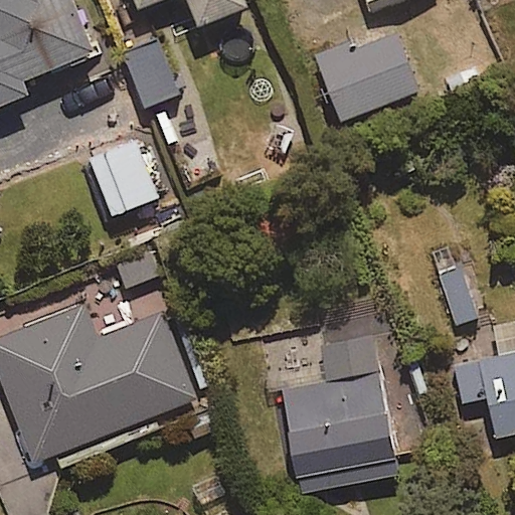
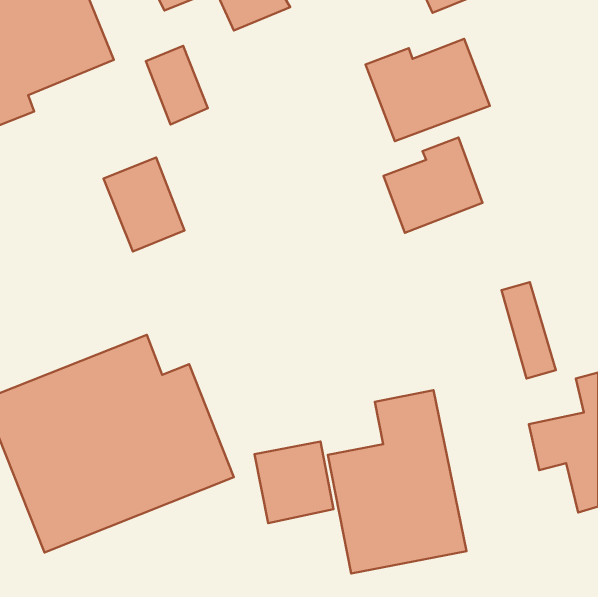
building: none -> [383,138,483,233]
building: none -> [255,441,334,523]

